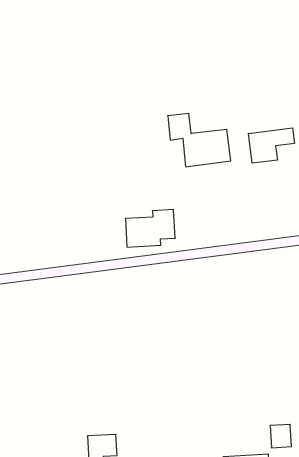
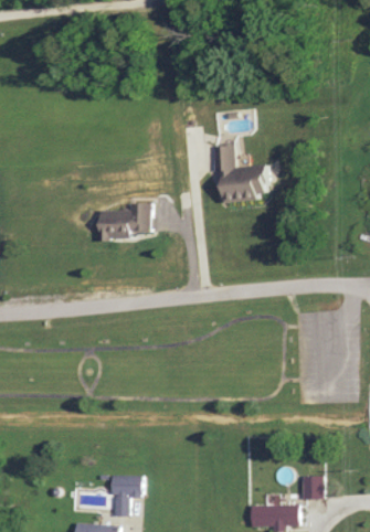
building: [249,128,294,163] -> none
building: [125,210,175,247] -> [98,203,149,240]

